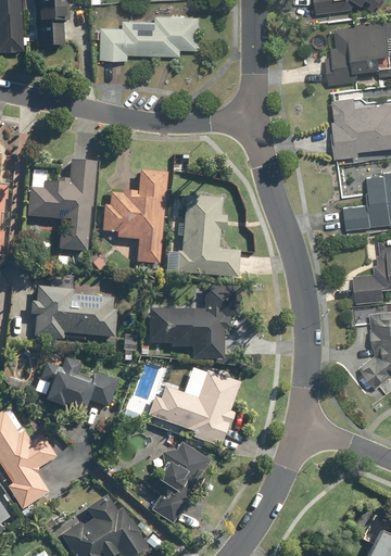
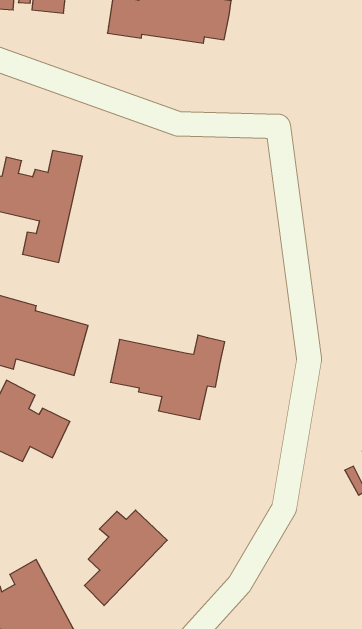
building: [102,170,166,264] -> none
building: [175,197,239,276] -> none
building: [150,367,242,442] -> none

